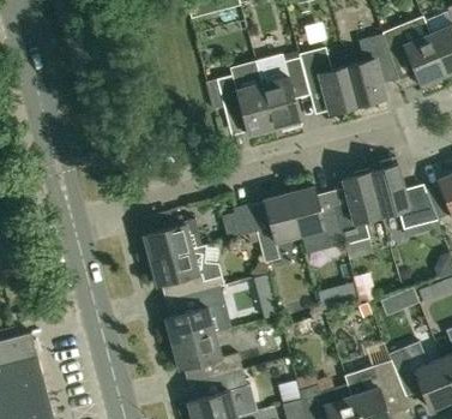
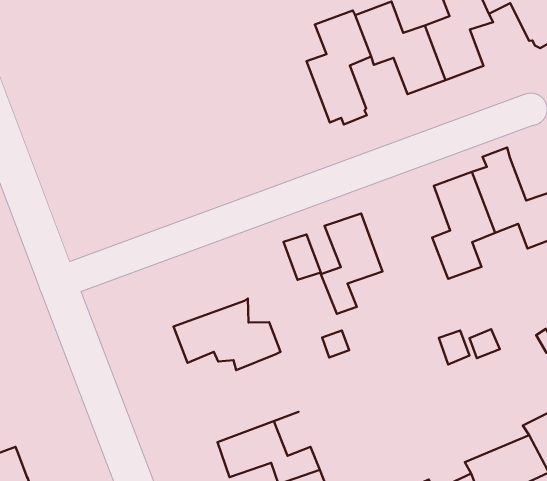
building: [216,73,273,136] -> none
building: [289,187,344,249] -> none
building: [139,220,201,261] -> none
building: [165,287,231,345] -> none

